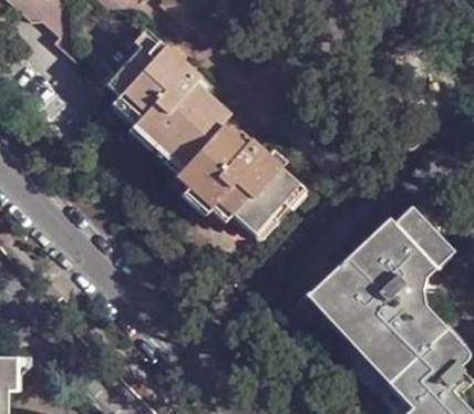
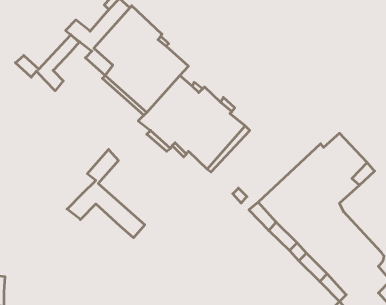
building: none -> [15,35,79,91]
building: none -> [67,149,145,238]

